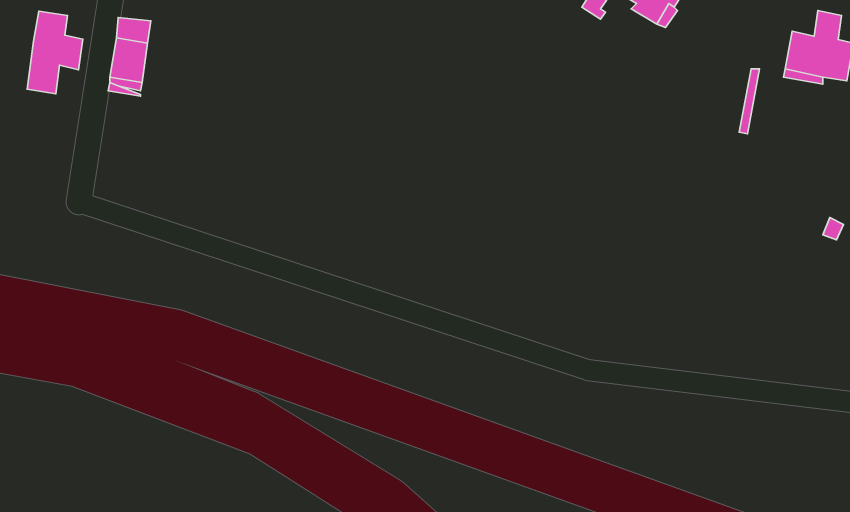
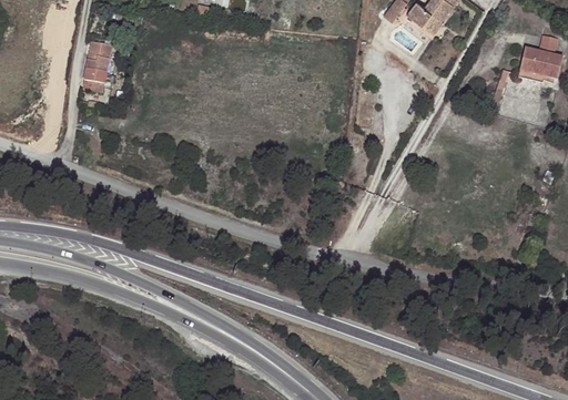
building: [27,11,83,94] -> none

